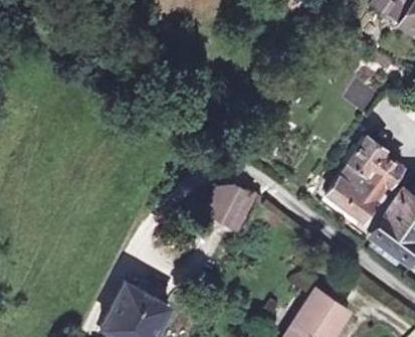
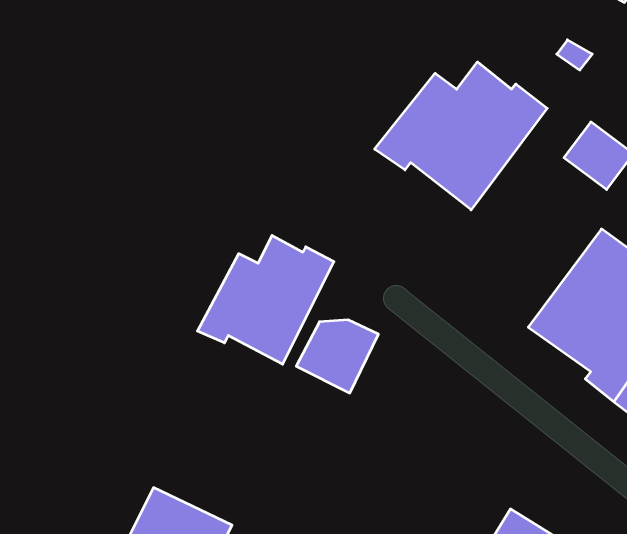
building: none -> [375,62,547,210]
building: none -> [197,235,334,364]

